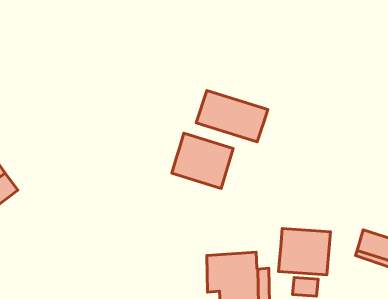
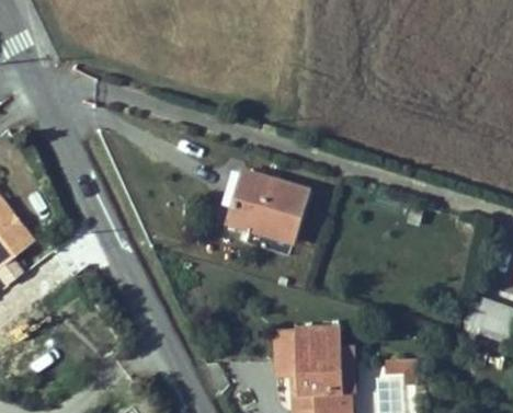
building: [196,91,268,142] -> none
building: [279,229,330,275] -> none

